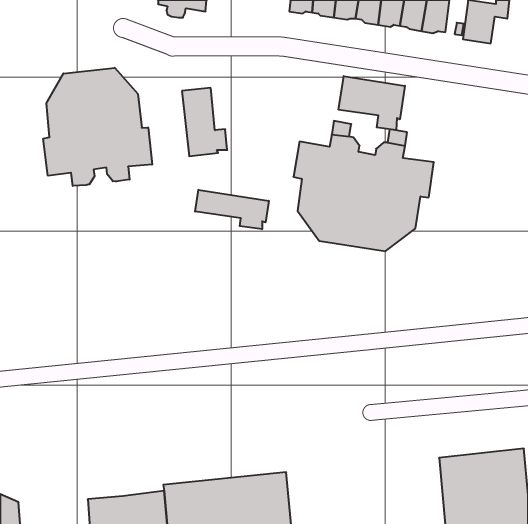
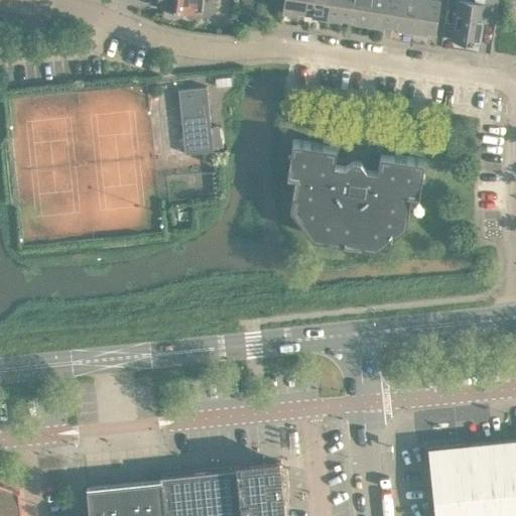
building: [43,68,152,186] -> none
building: [339,76,405,130] -> none
building: [195,190,269,229] -> none

